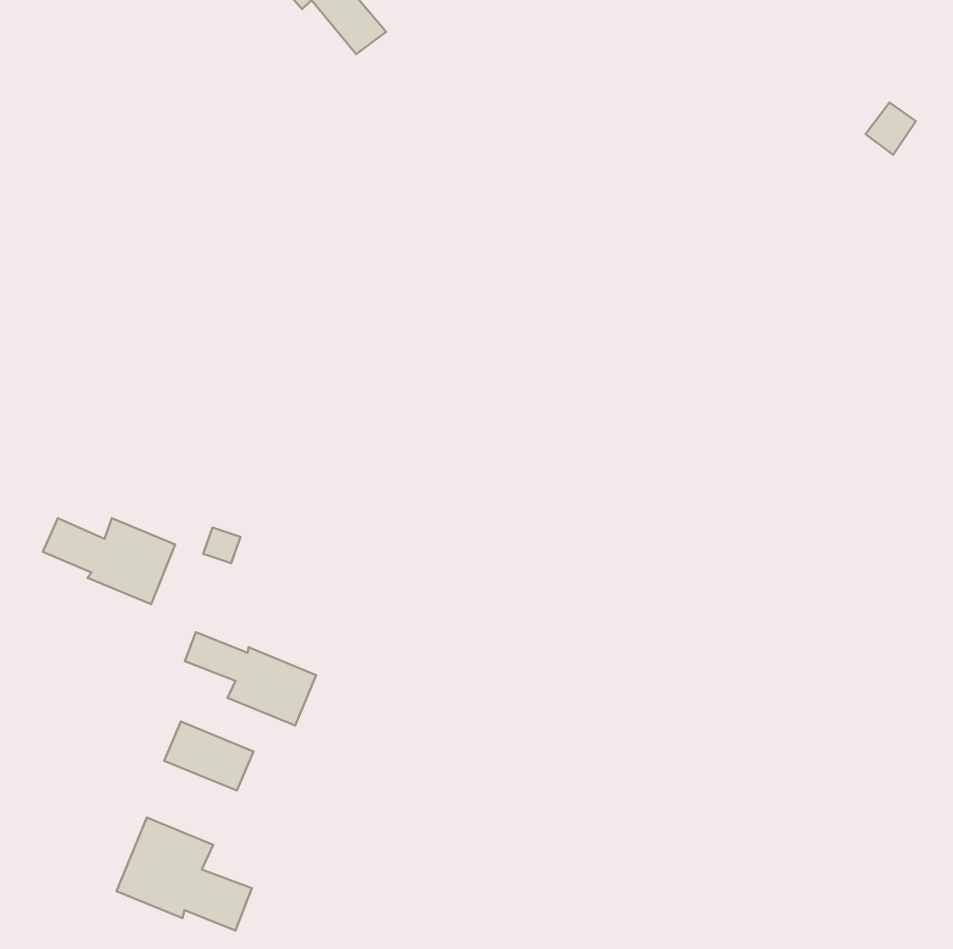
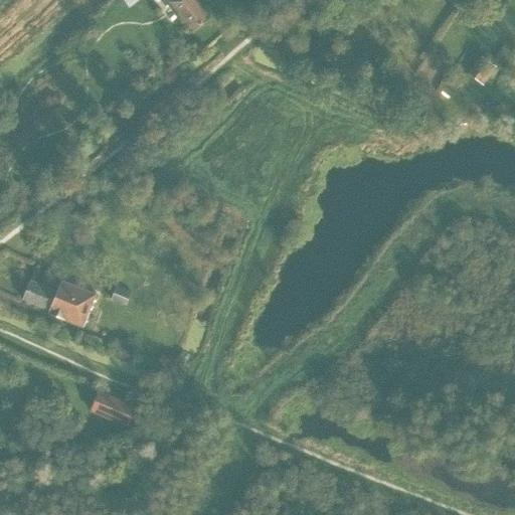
building: [185,632,316,725] -> none
building: [116,818,252,930] -> none

